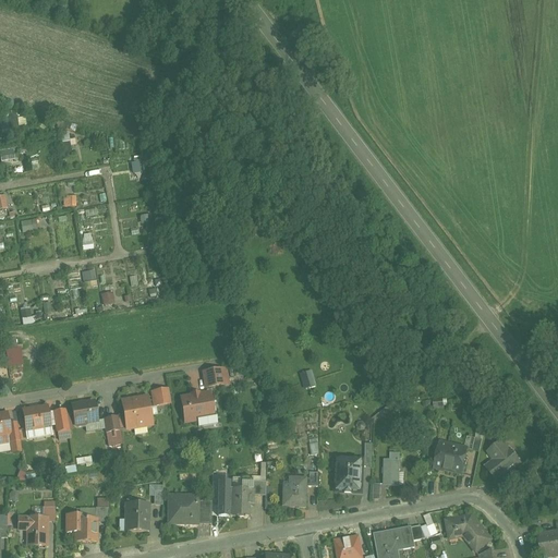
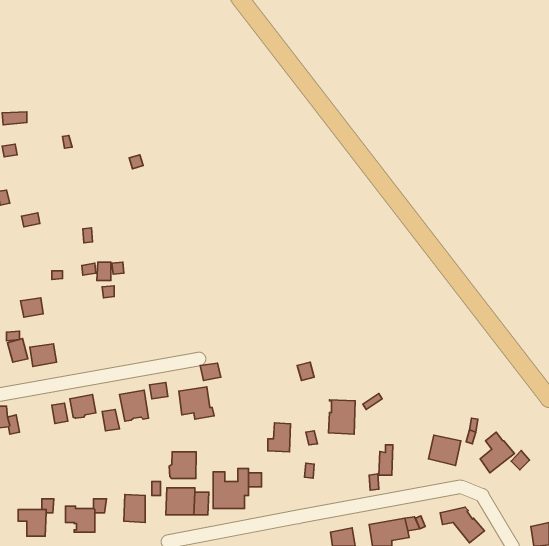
building: [22,405,49,428] -> [30,344,57,366]
building: [335,457,362,492] -> [328,400,355,434]
building: none -> [169,452,196,479]
building: [282,475,305,505] -> [268,423,291,452]

